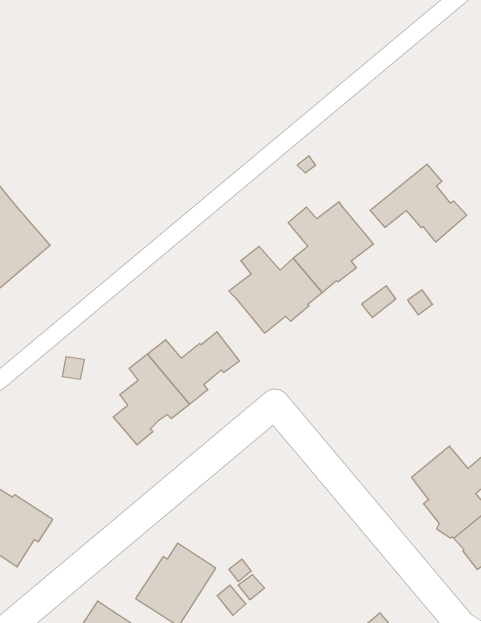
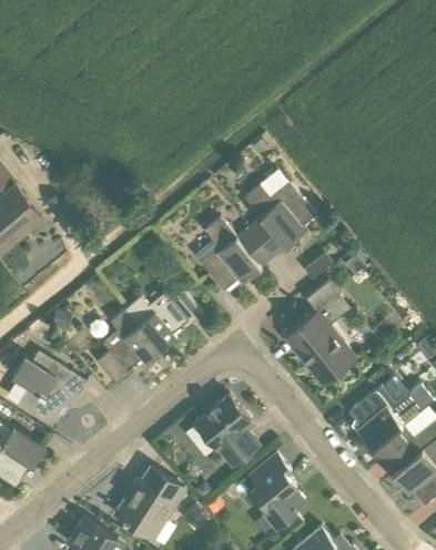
building: [370,164,467,242] -> none
building: none -> [285,281,356,381]
building: none -> [12,357,88,426]
building: none -> [195,395,258,466]
building: none -> [249,454,304,529]

